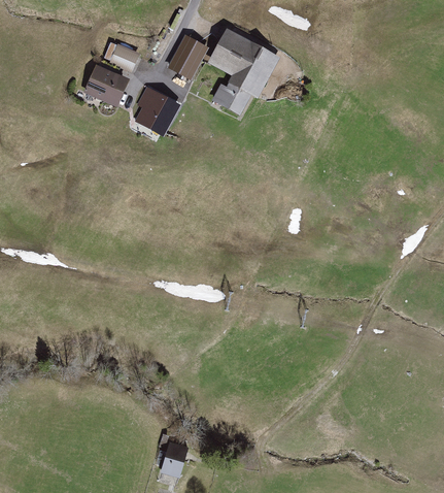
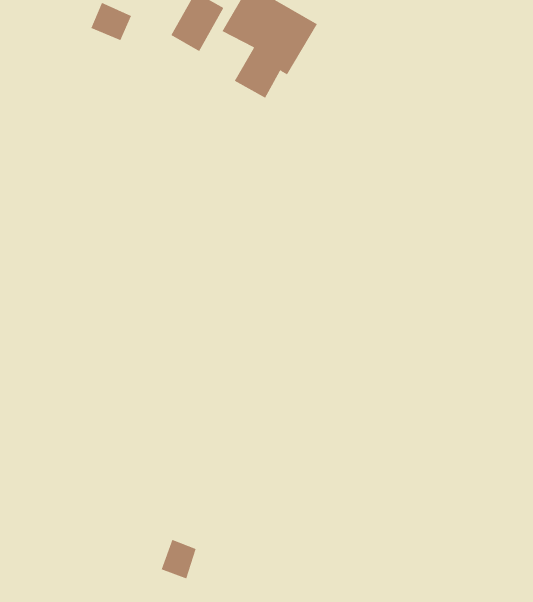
building: [82,65,128,105] -> none
building: [135,85,179,133] -> none

